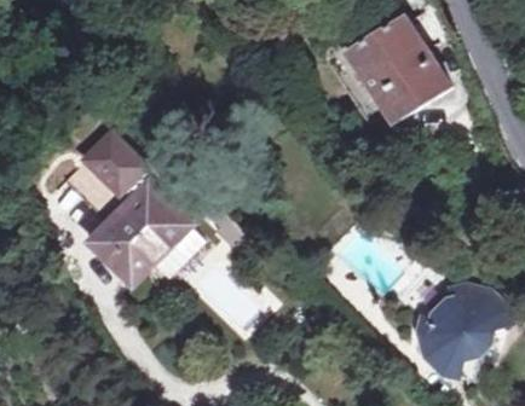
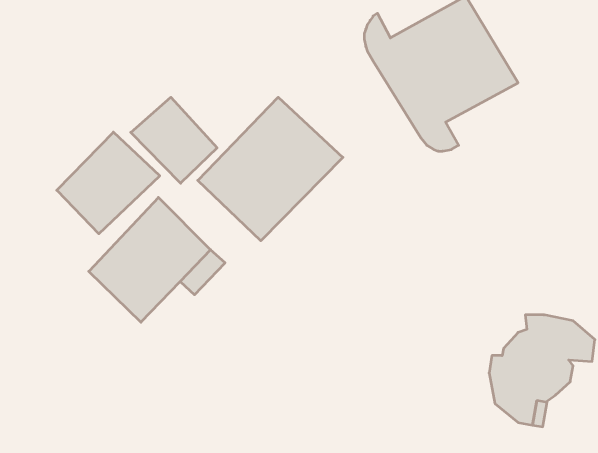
building: none -> [131,97,217,183]
building: none -> [198,97,343,241]

